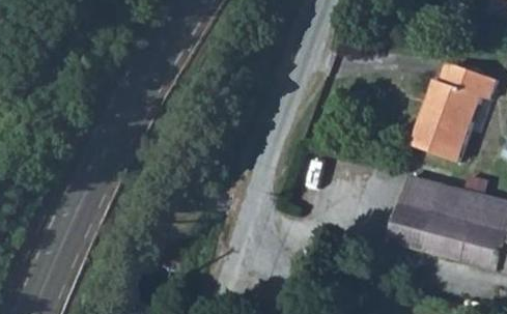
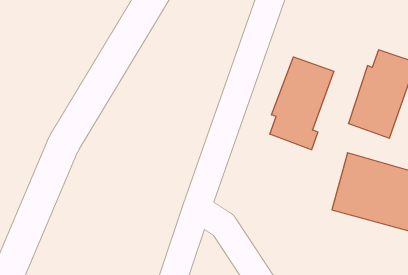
building: none -> [270,57,334,150]

